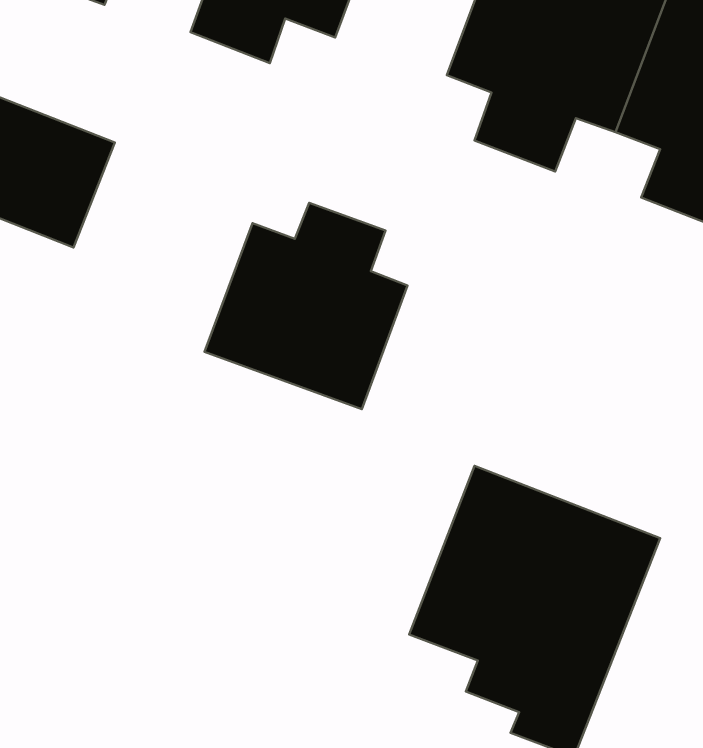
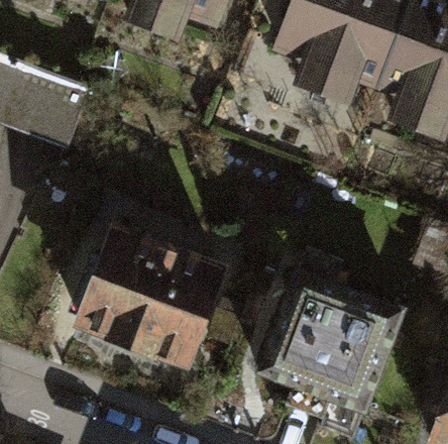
building: [205,203,407,409] -> none
building: none -> [78,236,218,365]

